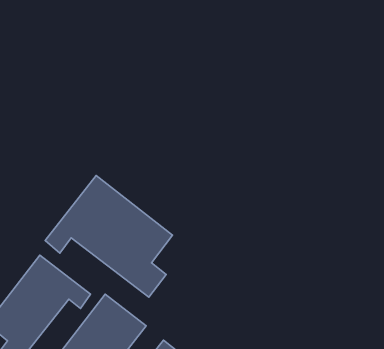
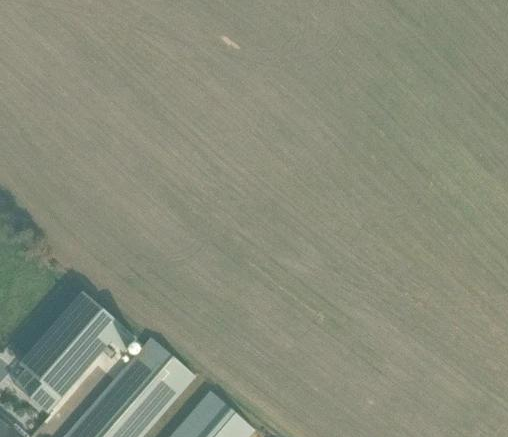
building: [45,176,173,297] -> none

